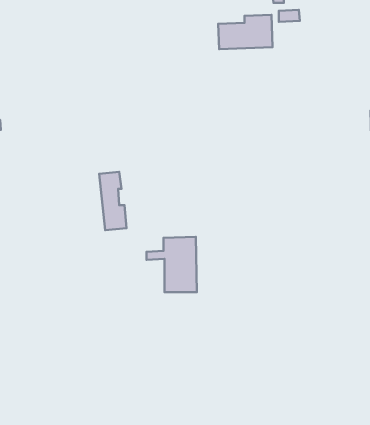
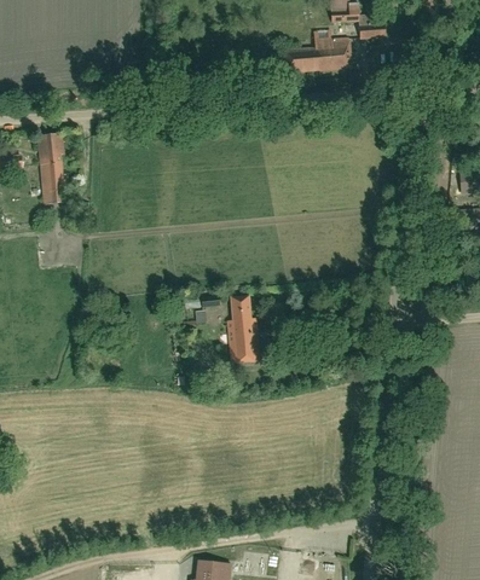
building: [99,172,126,230] -> [37,135,70,205]

